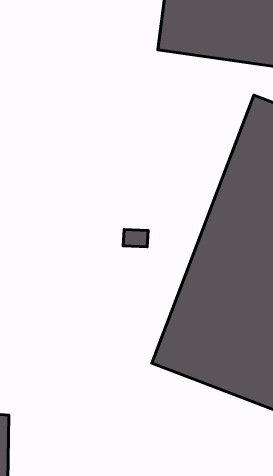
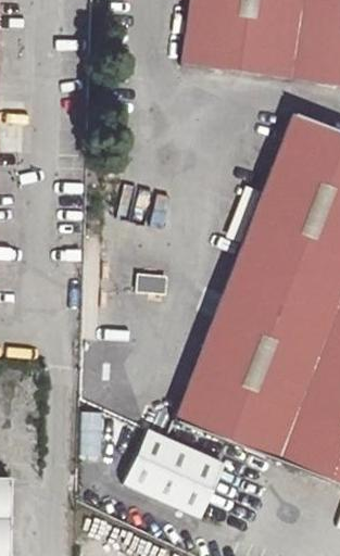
building: none -> [131,429,229,516]

